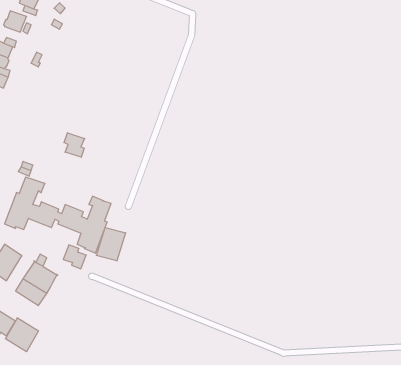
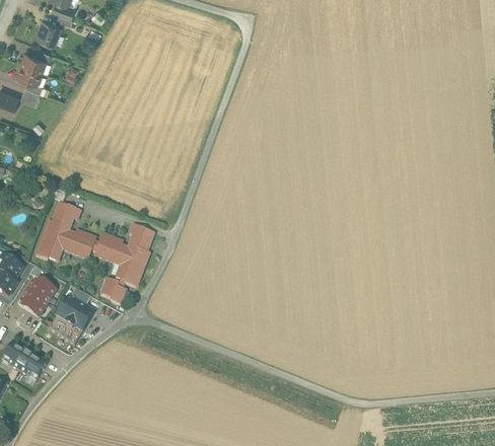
building: [64,133,85,157] -> none
building: [97,227,126,261] -> none
building: [5,318,38,352] -> none

